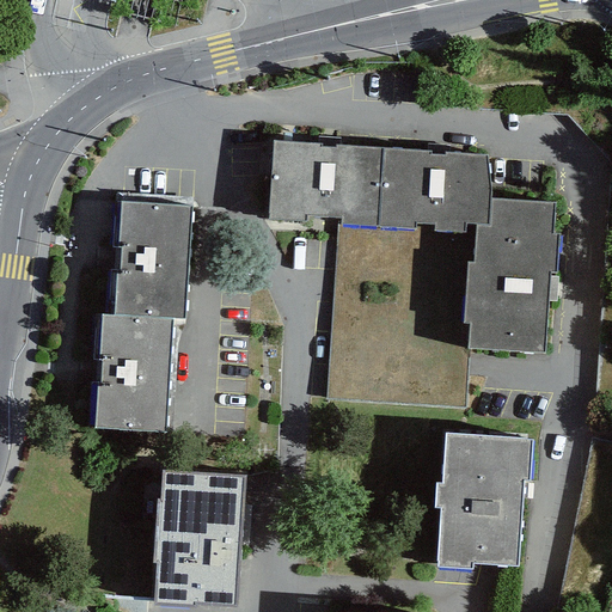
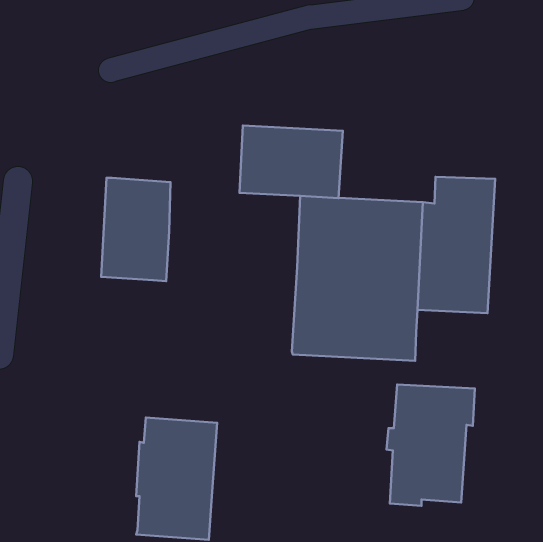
building: [380,147,491,228] -> none
building: [90,310,172,430] -> none

